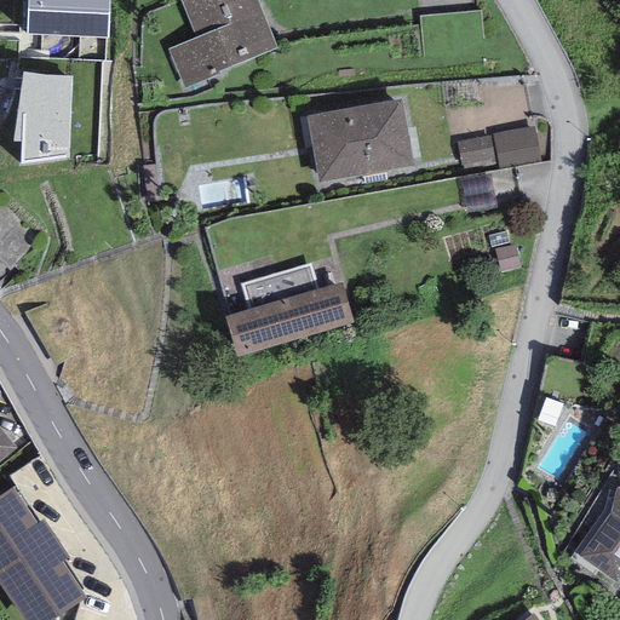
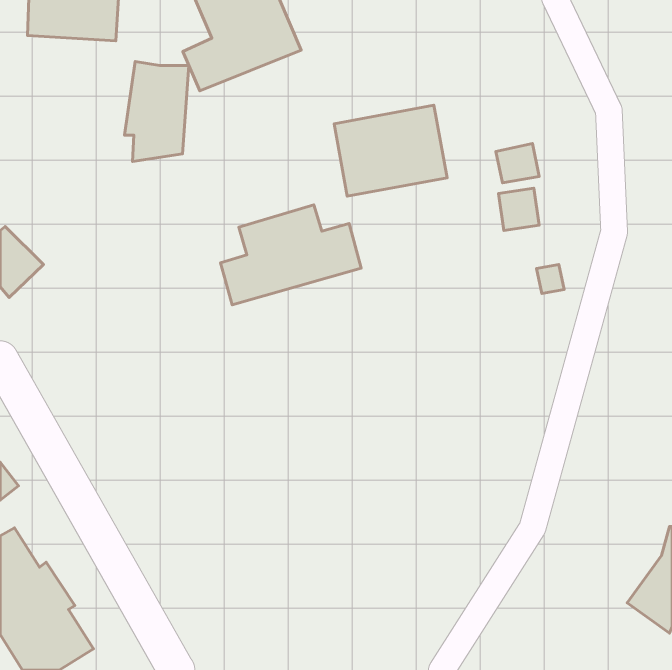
building: [13,70,73,162] -> [124,62,189,162]
building: [490,125,541,170] -> none
building: [224,262,354,354] -> [220,205,361,305]

